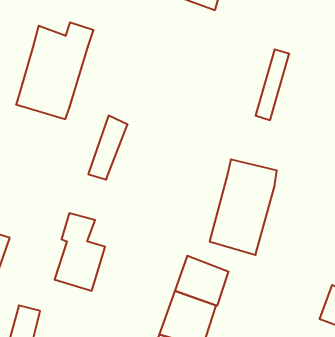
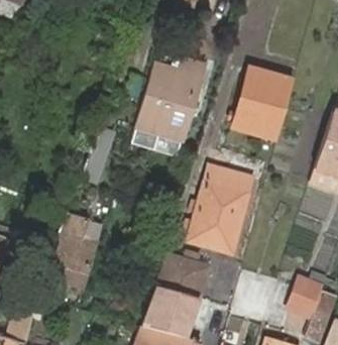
building: [16,22,94,119] -> [132,58,202,144]
building: none -> [244,73,294,141]

